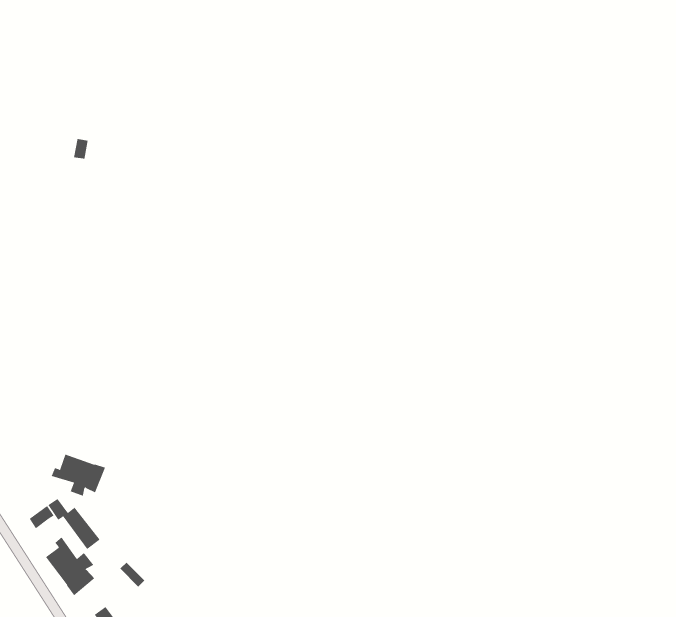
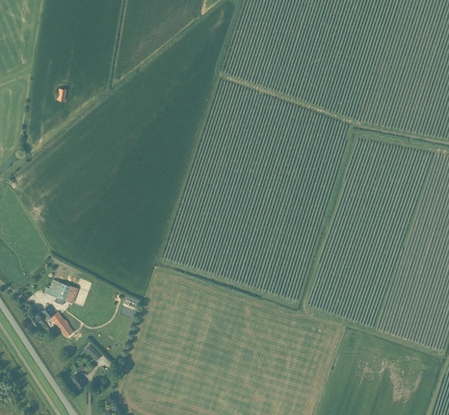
building: [45,537,95,596] -> none

